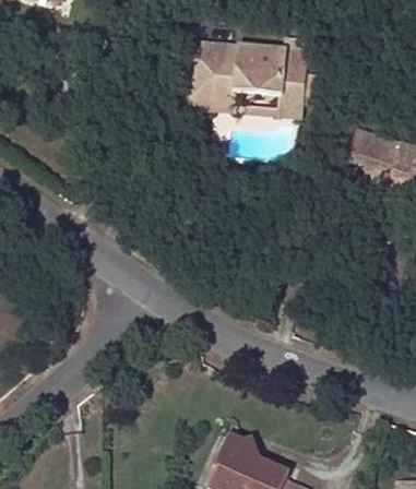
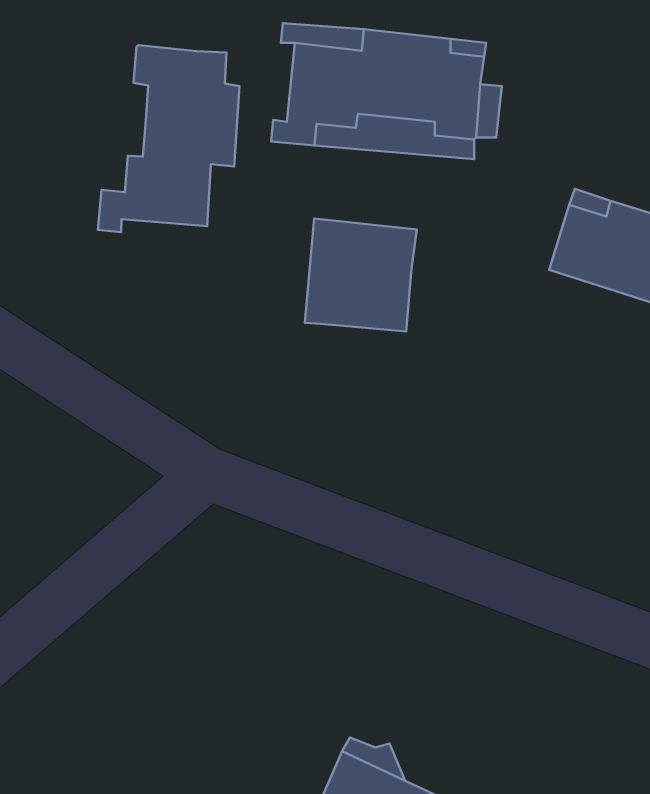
building: none -> [98,45,239,232]
building: none -> [305,219,417,332]

